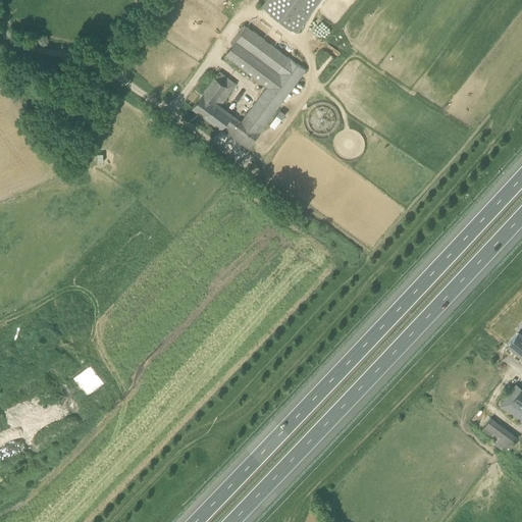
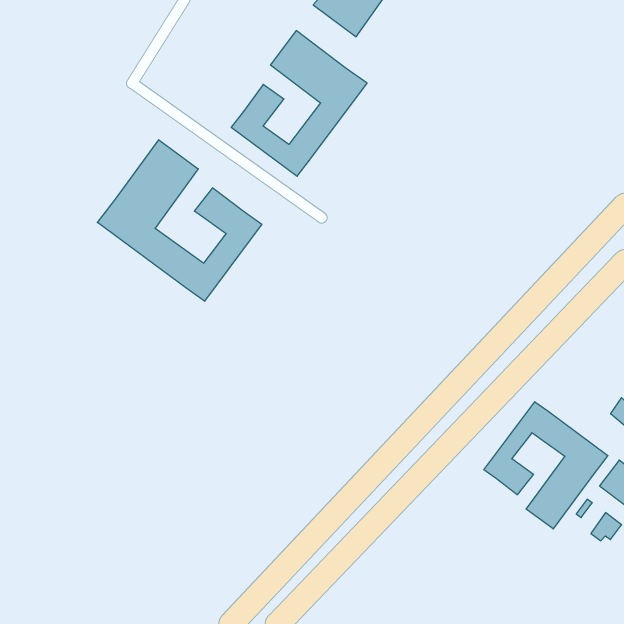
building: none -> [97,140,262,301]
building: none -> [484,402,608,529]

